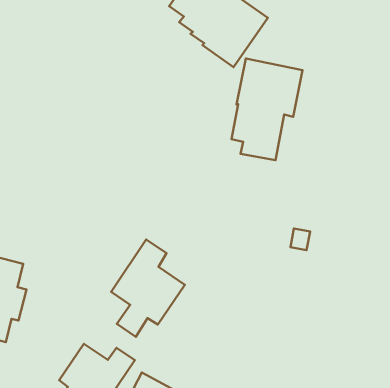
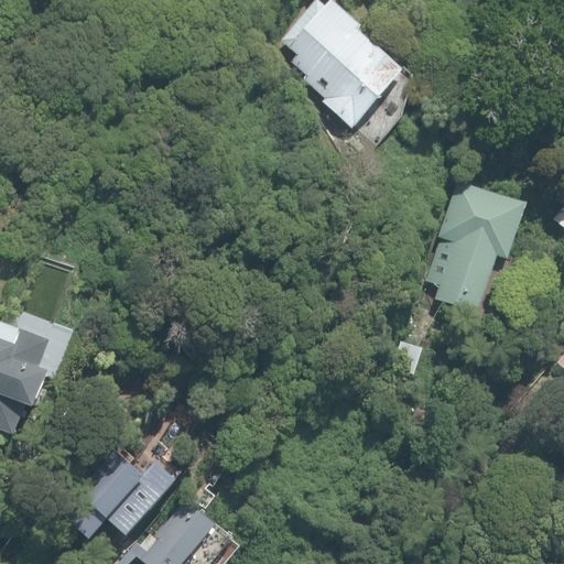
building: [232,59,302,160] -> [425,181,527,314]
building: [111,240,185,337] -> none

